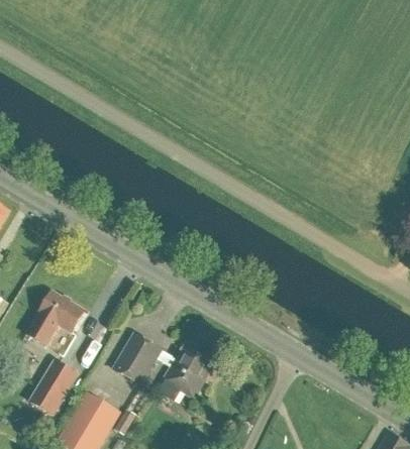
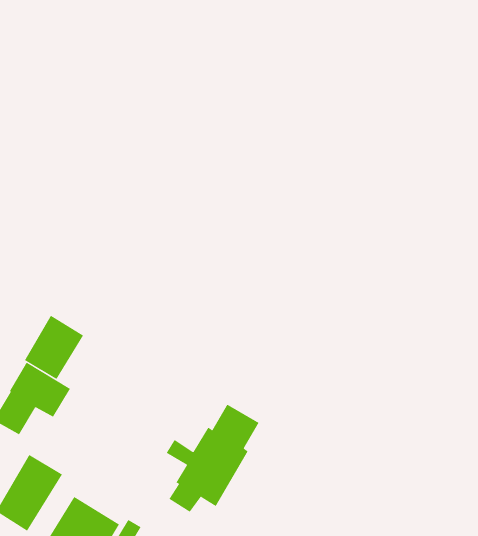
building: none -> [24,315,84,380]
building: [114,332,162,383] -> none

